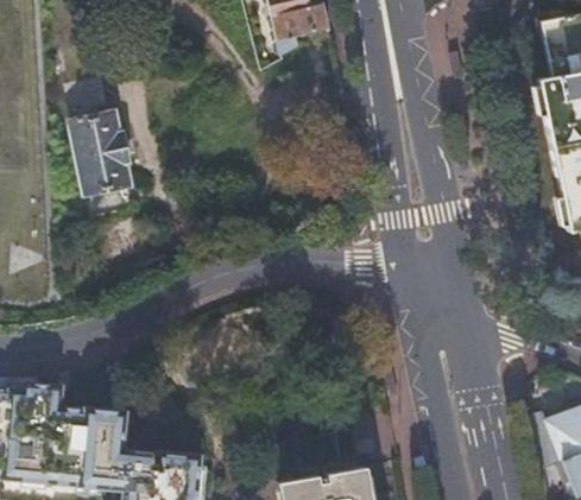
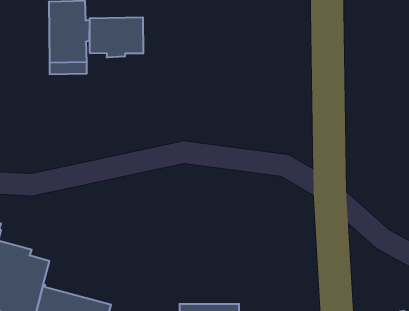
building: none -> [90,17,143,58]

